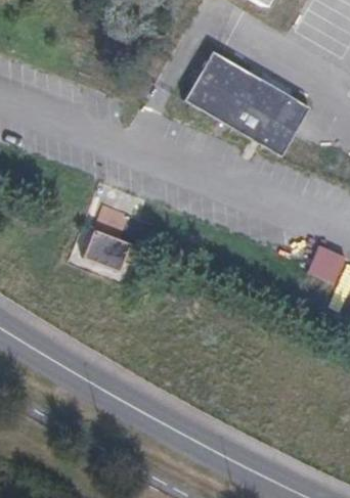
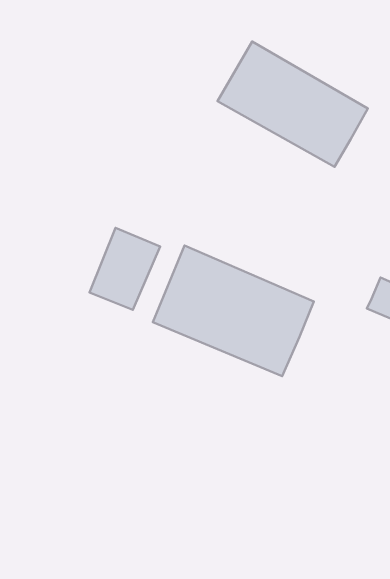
building: none -> [153,245,314,376]

